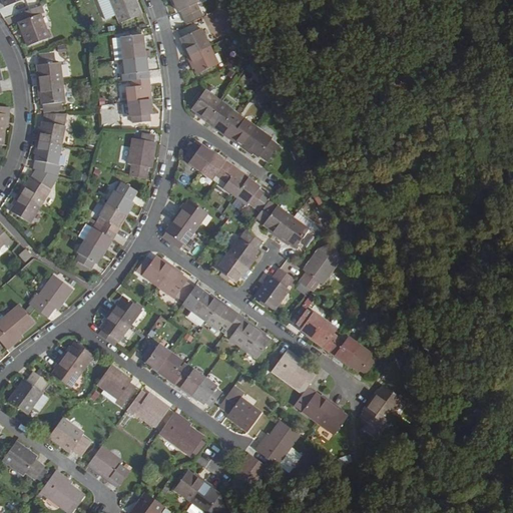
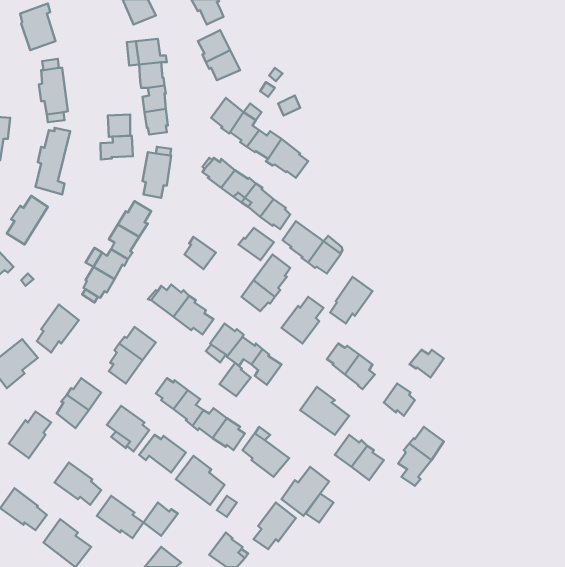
building: none -> [101,136,133,159]
building: [174,198,206,227] -> [238,228,274,260]
building: [240,328,269,358] -> [220,363,251,396]
building: [327,338,358,363] -> [409,350,444,378]
building: [172,470,203,500] -> [143,503,178,536]

